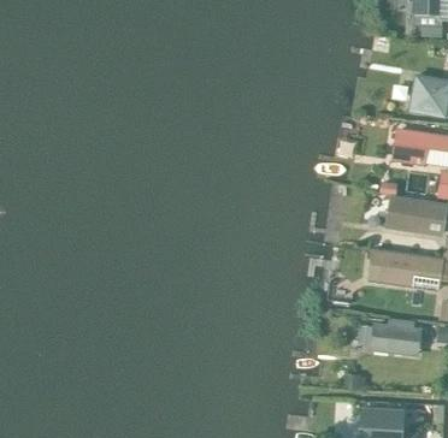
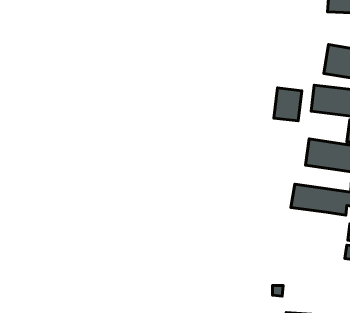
building: none -> [274,88,302,121]
building: [369,316,422,357] -> none

